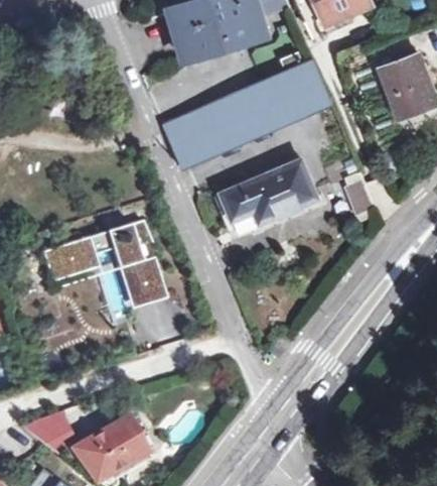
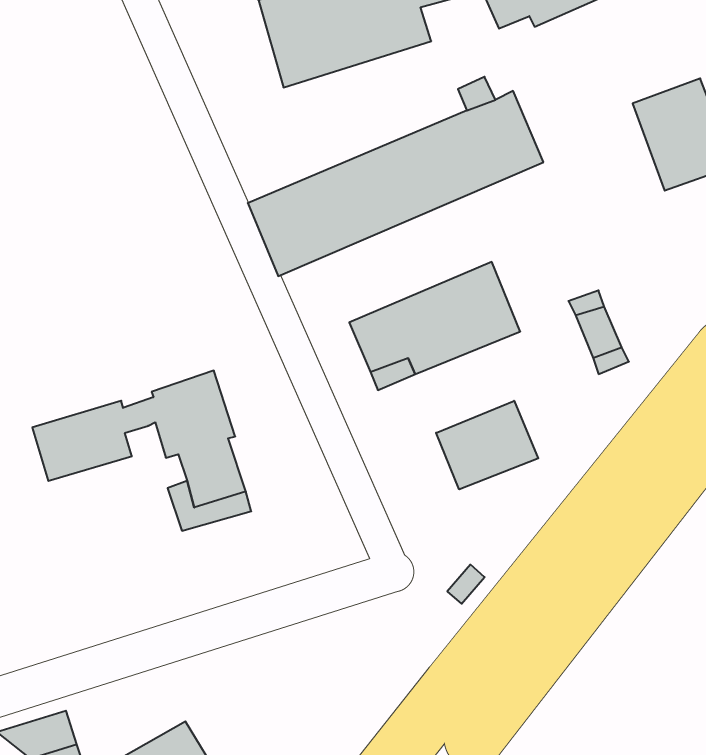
building: none -> [436,401,538,489]

